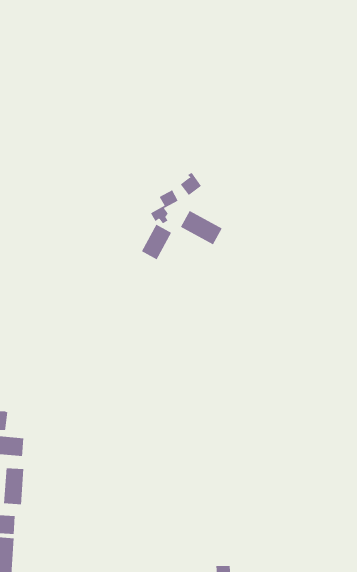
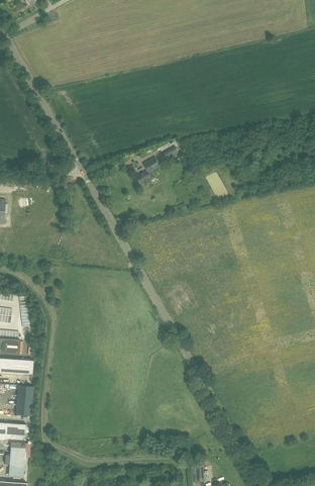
building: [180,210,222,245] -> none
building: [141,224,172,260] -> none

